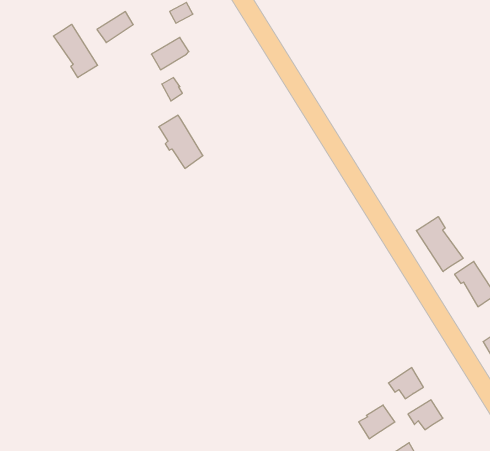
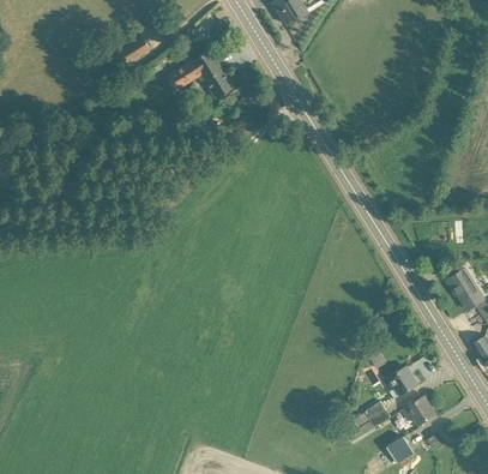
building: [53,24,98,78] -> none
building: [159,115,203,168] -> [192,49,233,98]
building: [416,217,463,272] -> none

